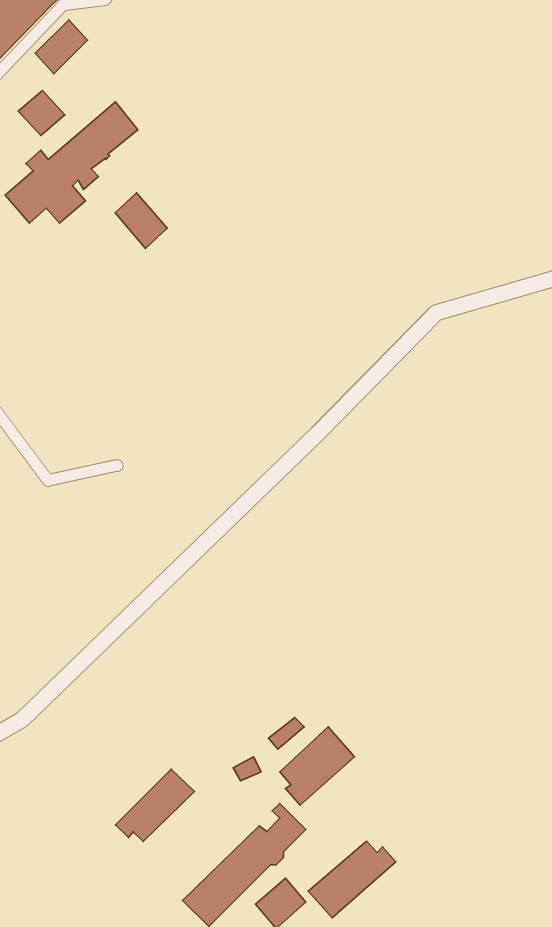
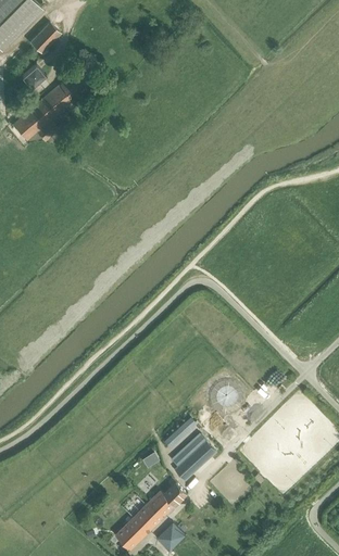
building: [115,193,167,248] -> none
building: [116,769,194,842] -> none
building: [308,841,396,918] -> none

